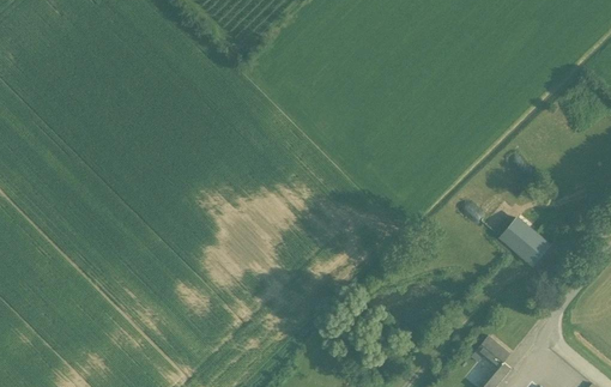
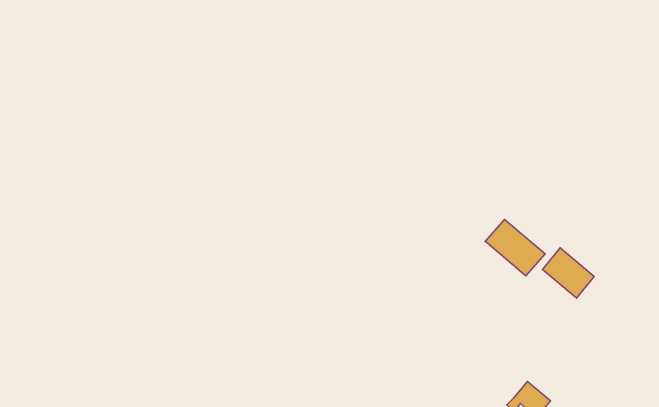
building: none -> [485,220,545,276]

